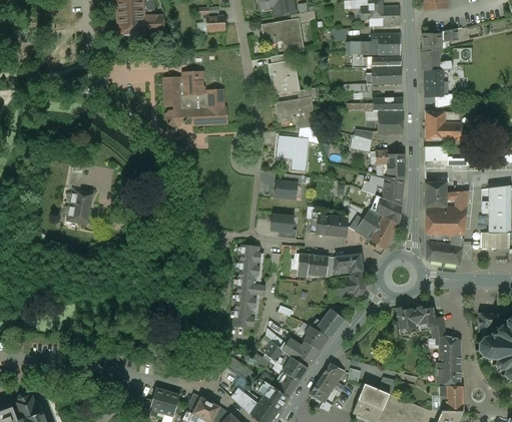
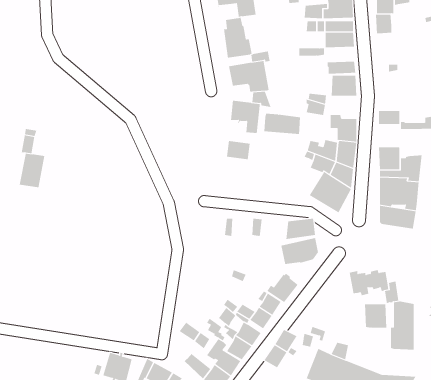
building: [425,69,445,94] -> none
building: [164,71,227,125] -> none
building: [425,111,462,140] -> none
building: [271,210,295,230] -> none
building: [311,215,348,236] -> [264,113,301,134]
building: [234,246,262,327] -> none
building: [308,255,329,276] -> none
building: [440,386,463,410] -> [364,304,387,328]

